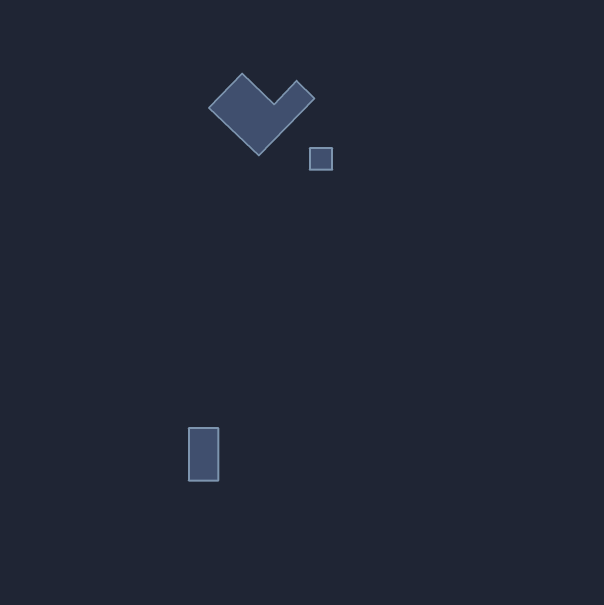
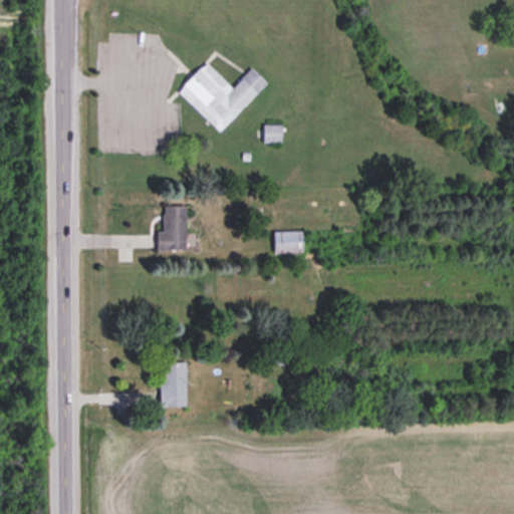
building: none -> [159,206,187,251]
building: none -> [275,231,303,253]

